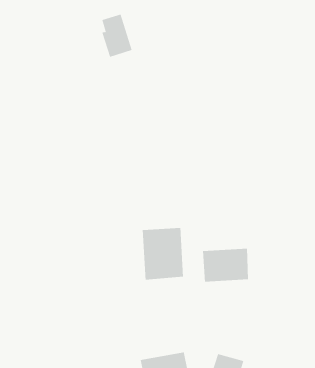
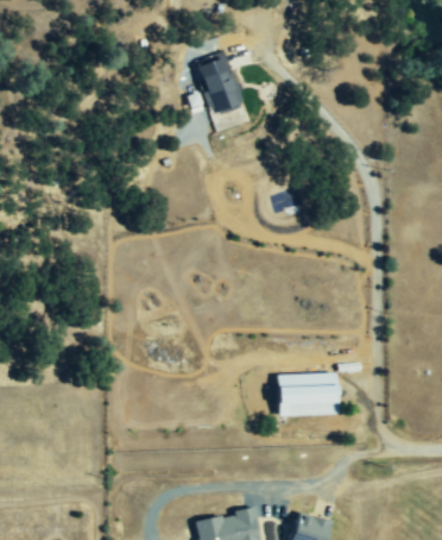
building: [101,14,133,57] -> [200,57,241,115]
building: [142,227,184,281] -> none

